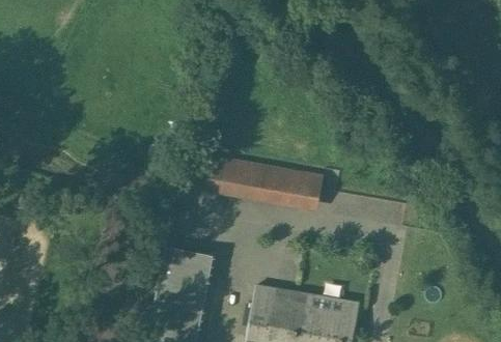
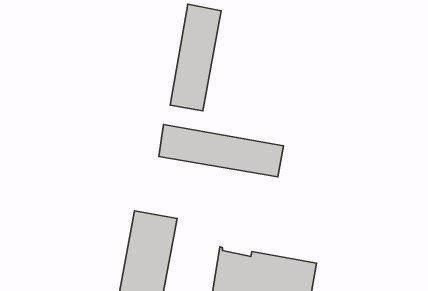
building: none -> [170,4,221,111]

